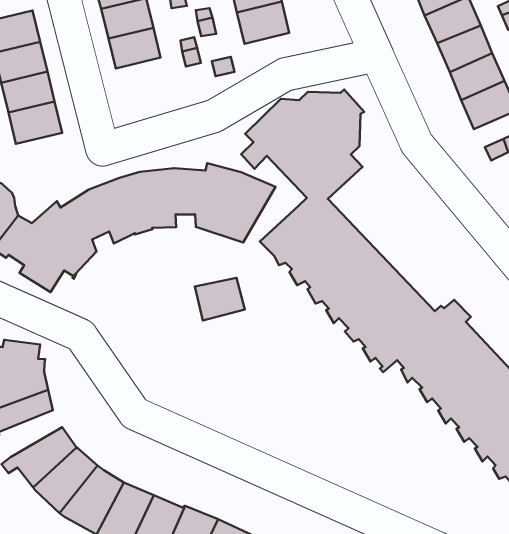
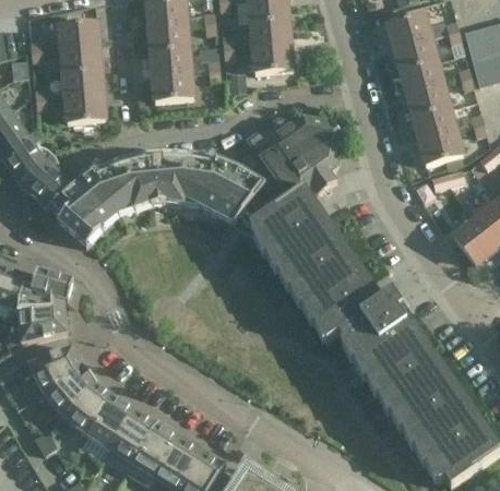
building: none -> [155,71,193,98]
building: [195,278,245,320] -> none

